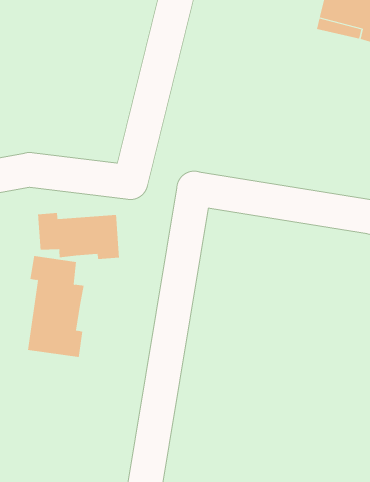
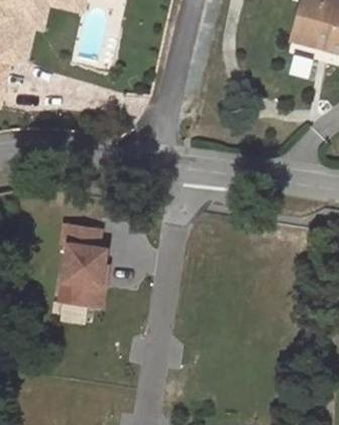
building: [37,212,120,260] -> none

